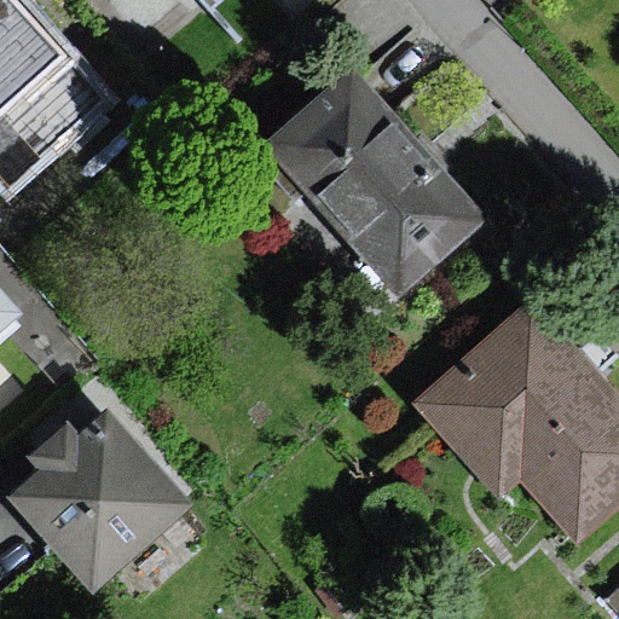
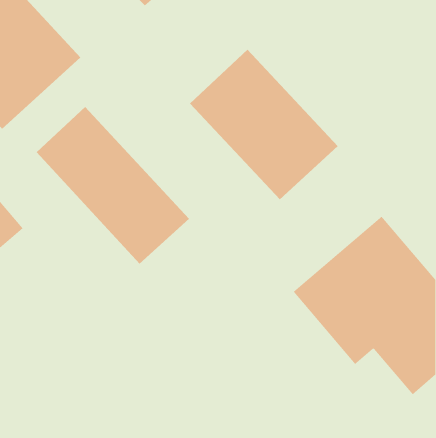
building: none -> [36,106,190,265]
building: [13,410,199,594] -> none

